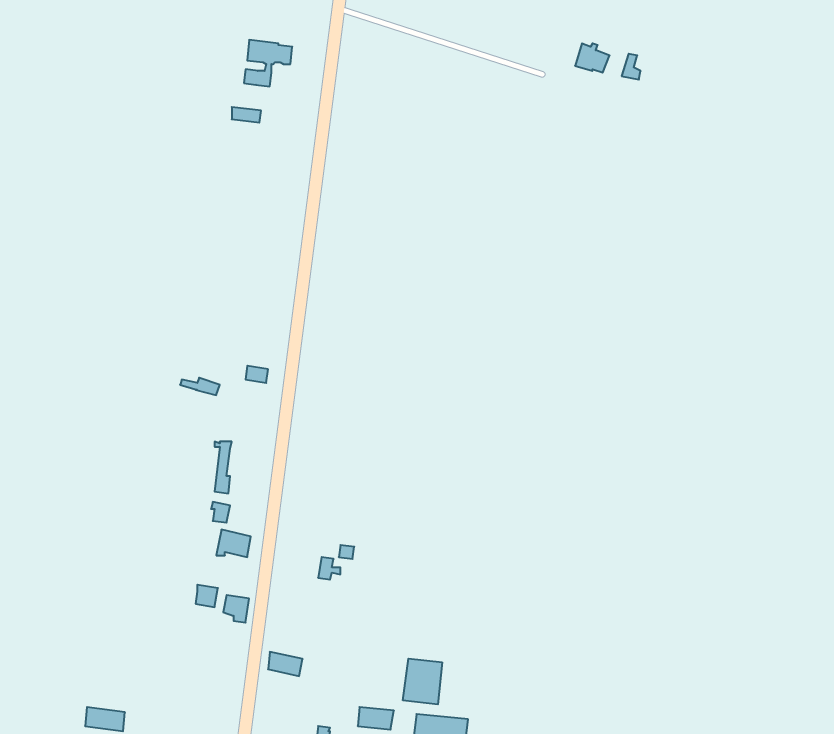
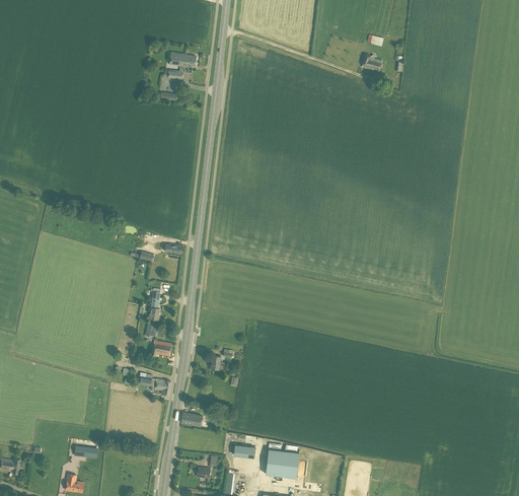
building: [403,659,442,704] -> none

